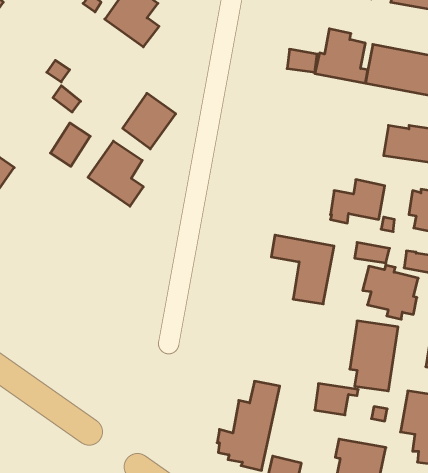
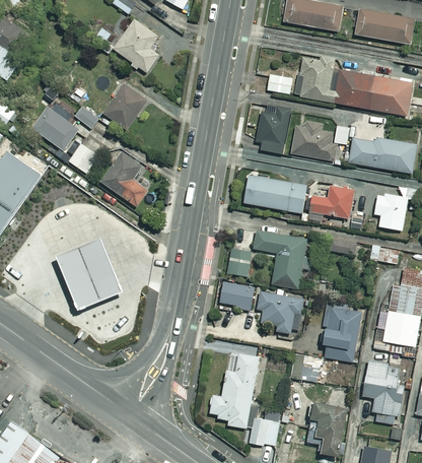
building: none -> [31,106,80,151]
building: none -> [255,109,290,154]
building: [123,93,176,149] -> [103,83,148,130]
building: none -> [289,121,348,160]
building: none -> [238,173,302,211]
building: none -> [50,236,116,307]
building: none -> [226,249,250,276]
building: [363,265,418,319] -> [257,288,303,334]
building: none -> [219,280,256,312]

